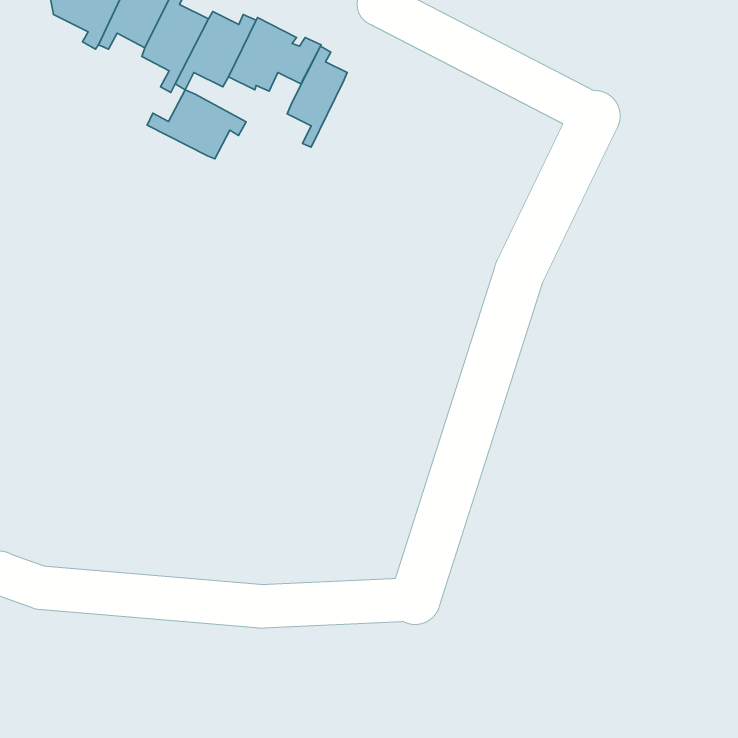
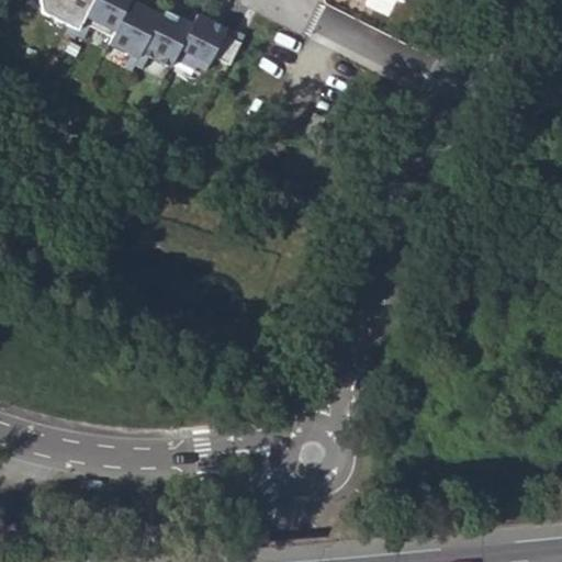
building: [287,46,347,147] -> none
building: [147,90,246,159] -> none

